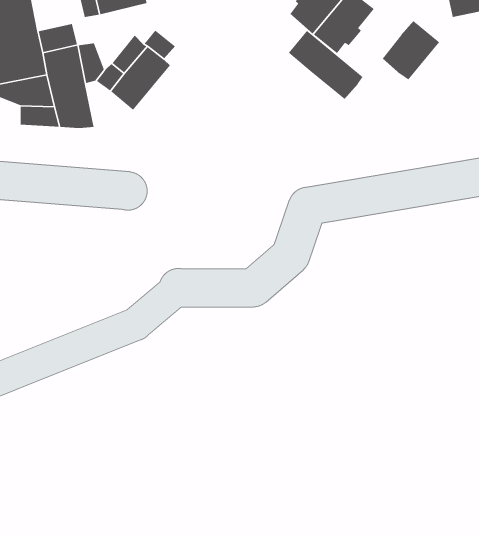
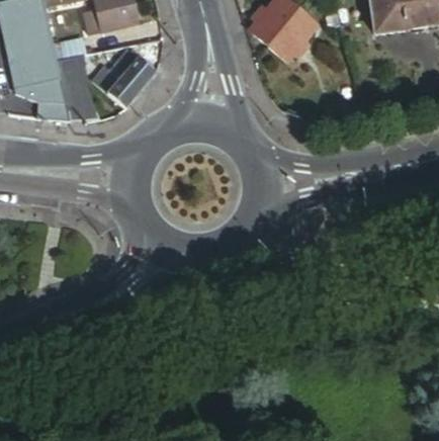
building: [382,20,440,81] -> none
building: [288,30,363,100] -> none

